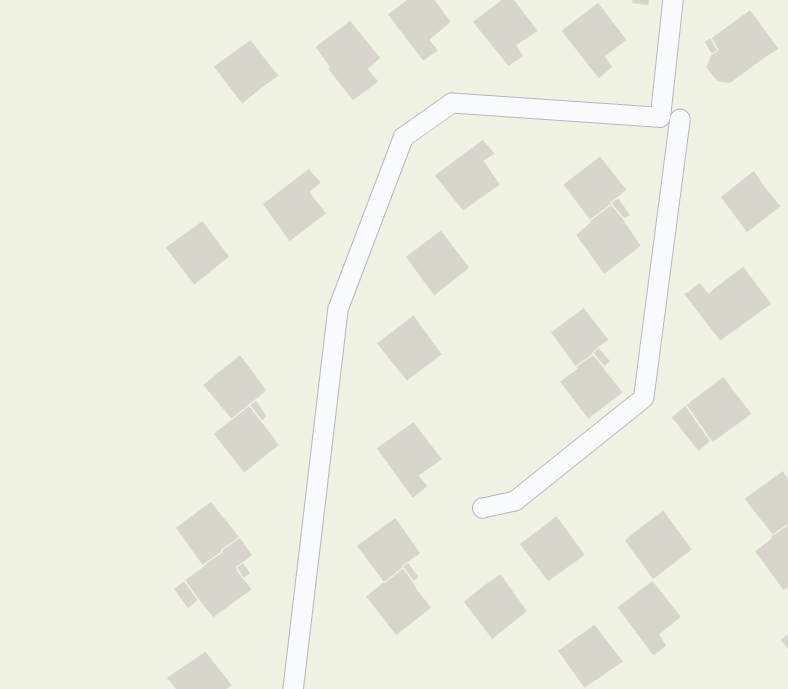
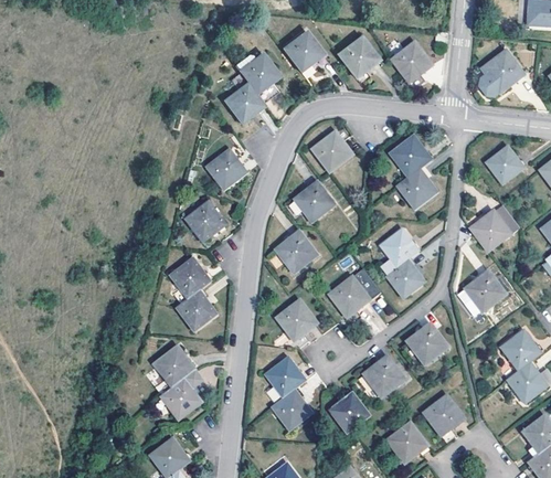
building: [213,39,280,104] -> [223,83,264,123]
building: [165,220,230,285] -> [187,202,226,242]
building: none -> [332,267,382,321]
building: [624,510,693,580] -> [405,322,447,365]

